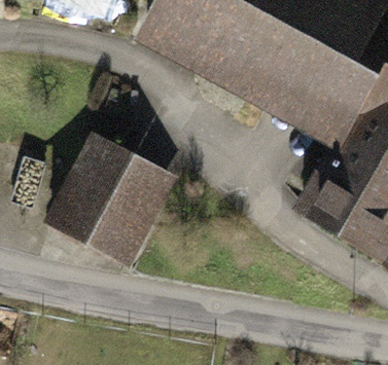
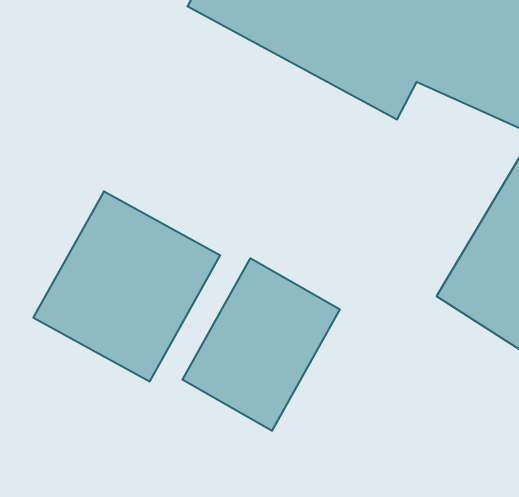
building: none -> [183,258,340,431]

